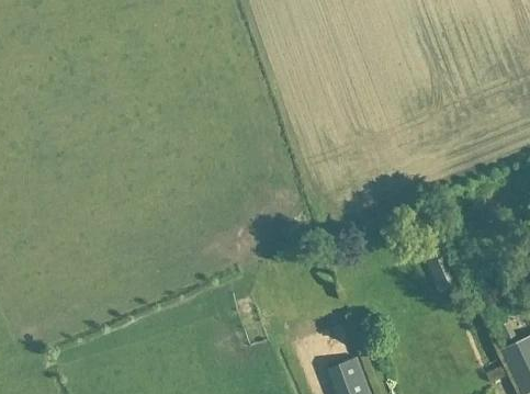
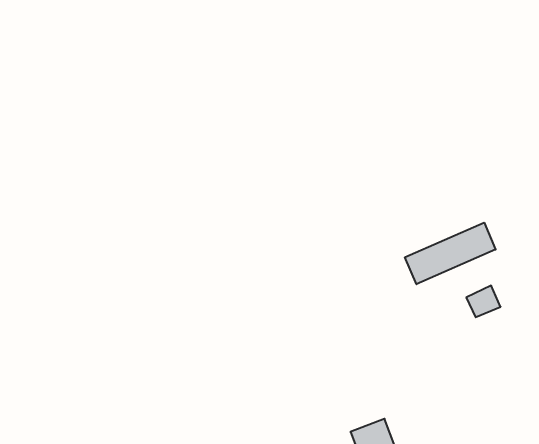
building: none -> [405,223,496,284]

